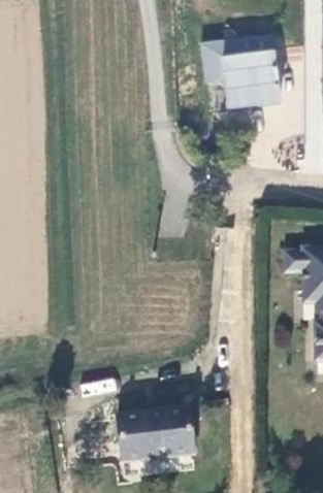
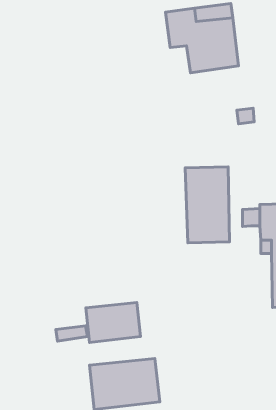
building: none -> [185,167,230,243]
building: none -> [86,303,140,342]

